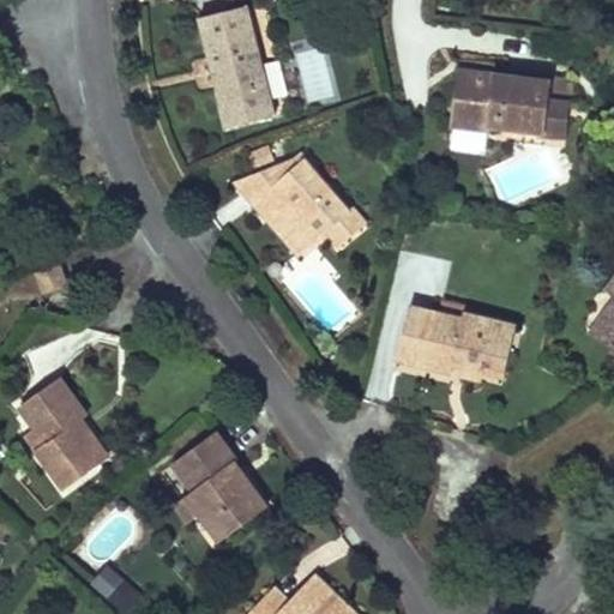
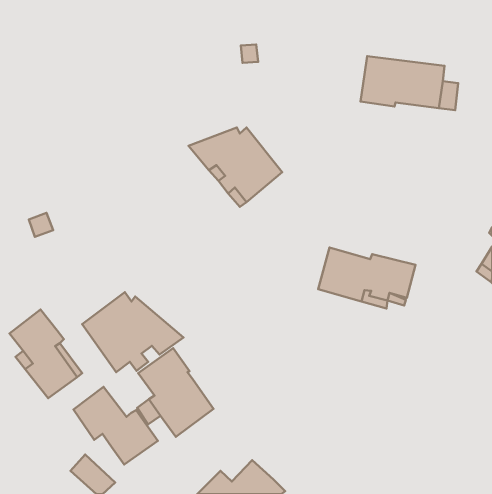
building: [200,6,278,126] -> none
building: none -> [82,292,184,372]
building: none -> [73,387,158,465]

